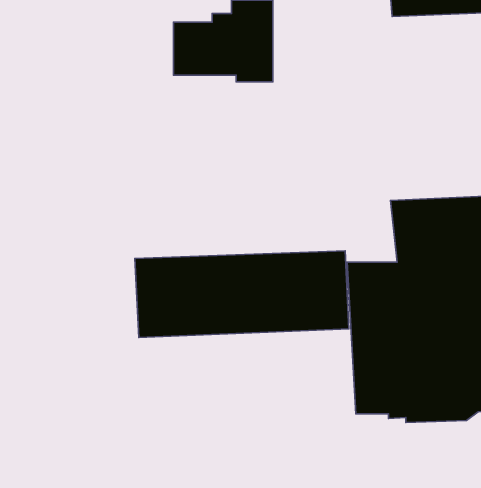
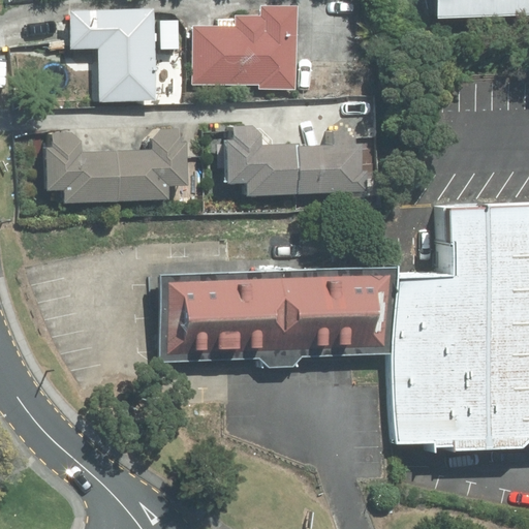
building: none -> [70,7,154,99]
building: none -> [227,124,370,197]
building: none -> [42,127,186,206]

